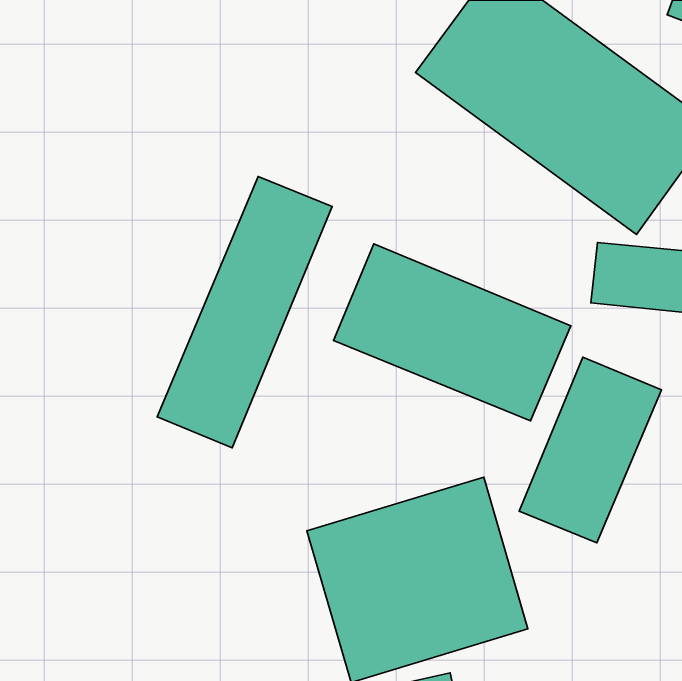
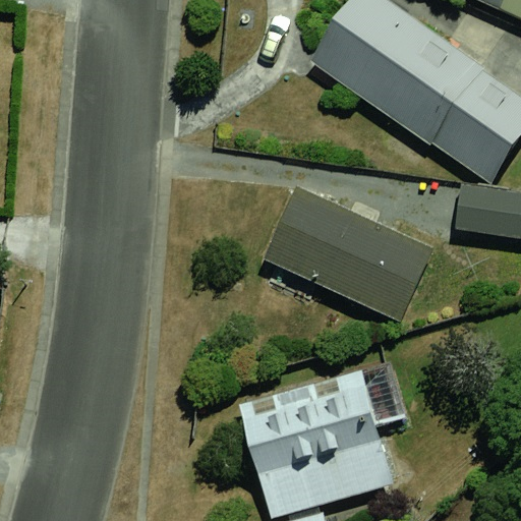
building: [157,177,332,448] -> none
building: [519,357,661,543] -> none

